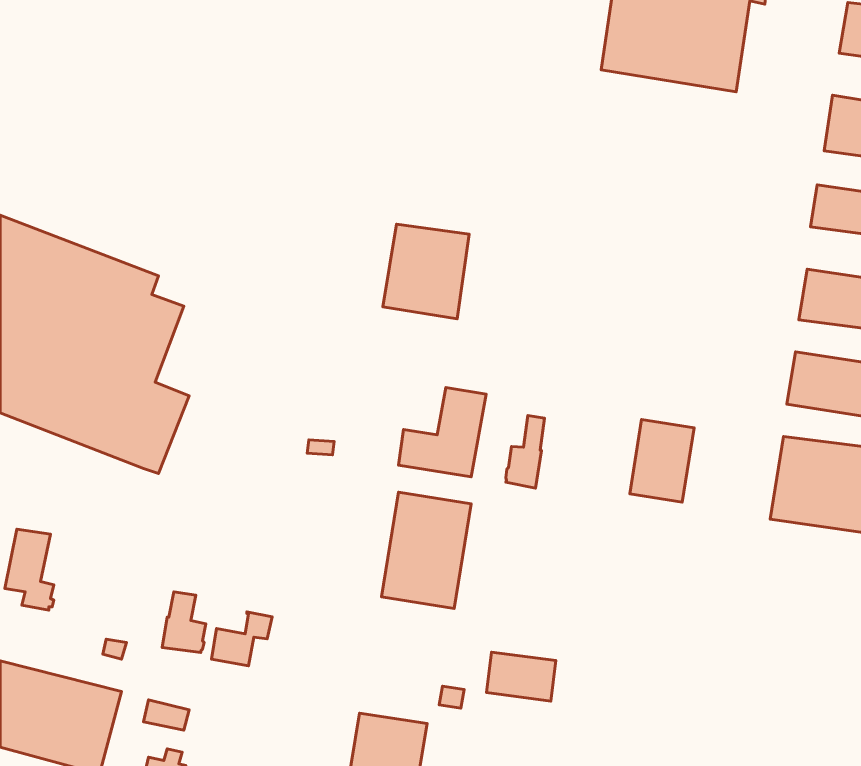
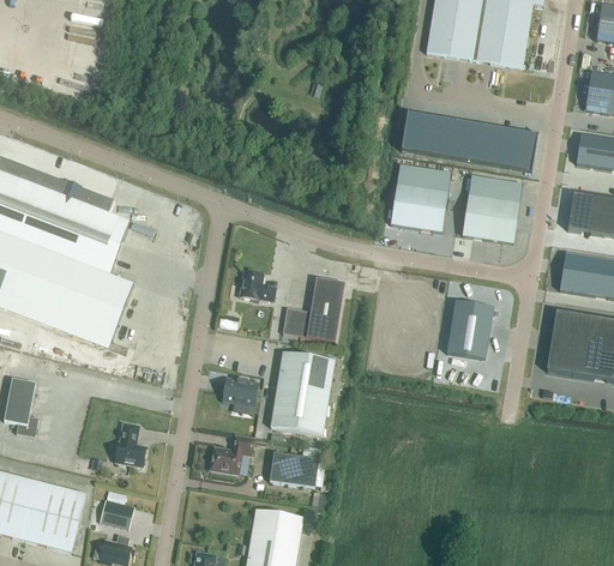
building: none -> [401,110,538,171]
building: [383,224,469,319] -> [390,164,451,231]
building: none -> [462,175,523,242]
building: none -> [240,269,276,300]
building: [506,415,545,488] -> none
building: none -> [222,377,259,405]
building: [211,612,272,666] -> [211,434,254,472]
building: [487,652,556,701] -> [270,452,319,487]

